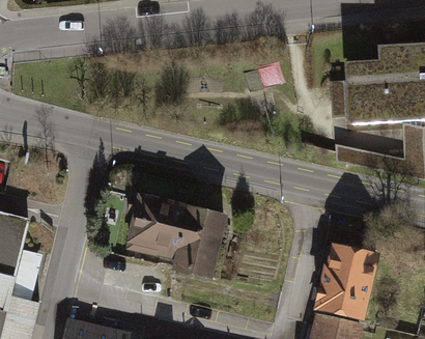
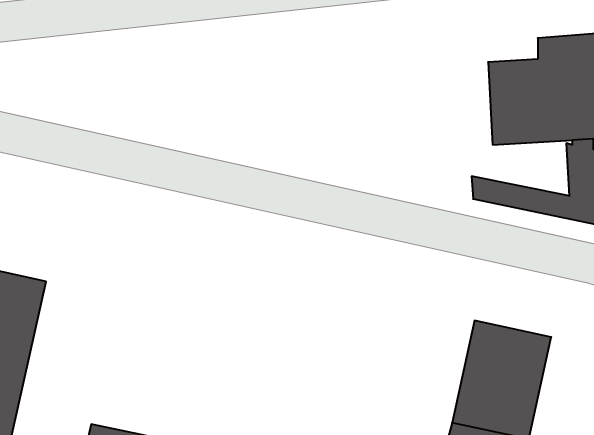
building: [118,190,228,269] -> none

